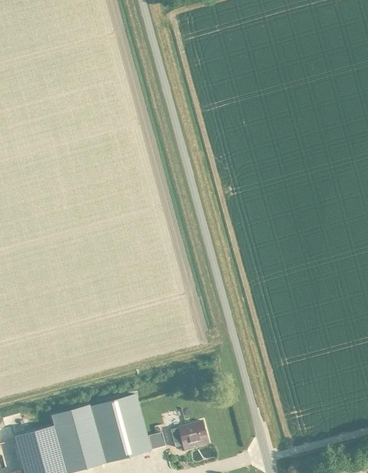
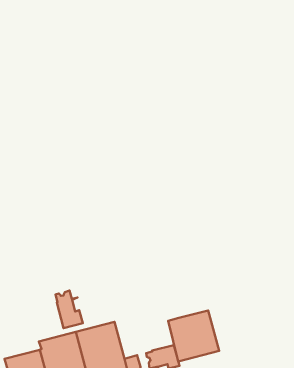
building: none -> [56,290,83,328]
building: none -> [168,310,219,361]

